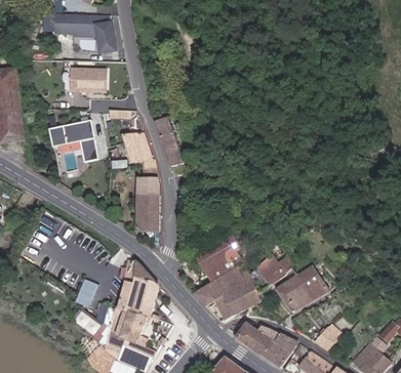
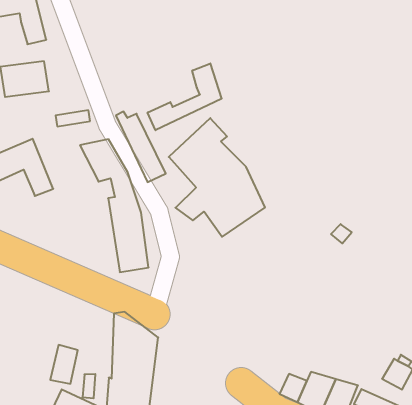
building: none -> [148,63,222,130]
building: [194,233,259,321] -> [169,118,265,237]
building: [256,254,294,284] -> none
building: [277,264,329,312] -> none

